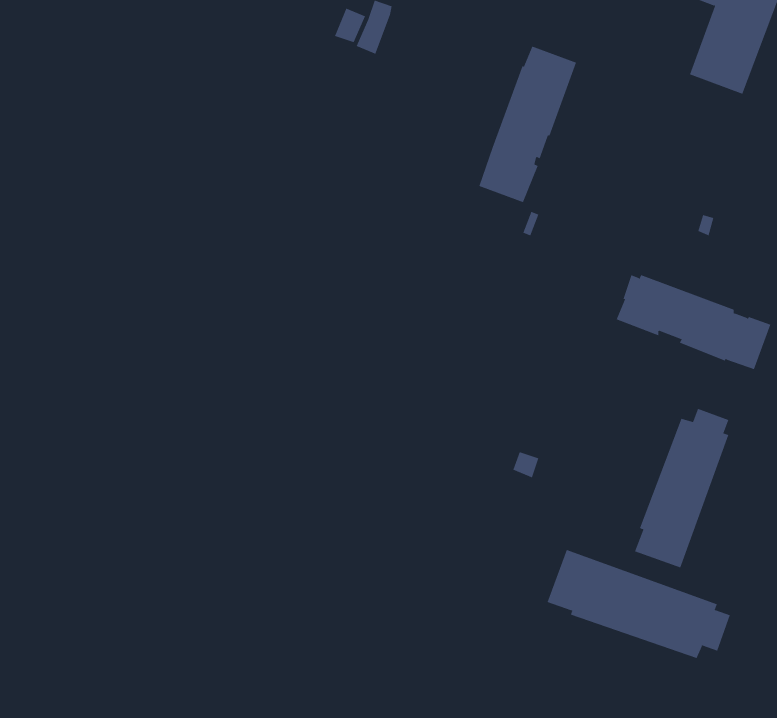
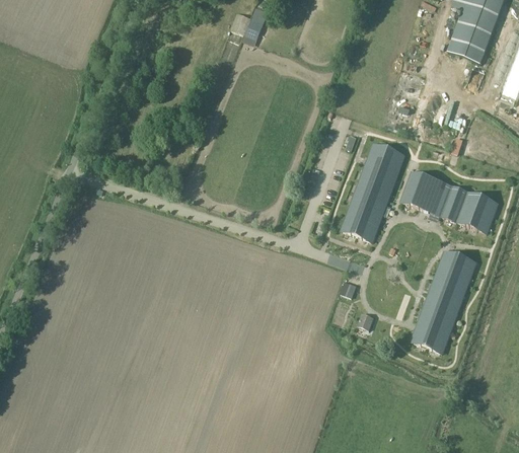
building: [479,46,577,203] -> [343,144,402,239]
building: [547,549,731,659] -> none

